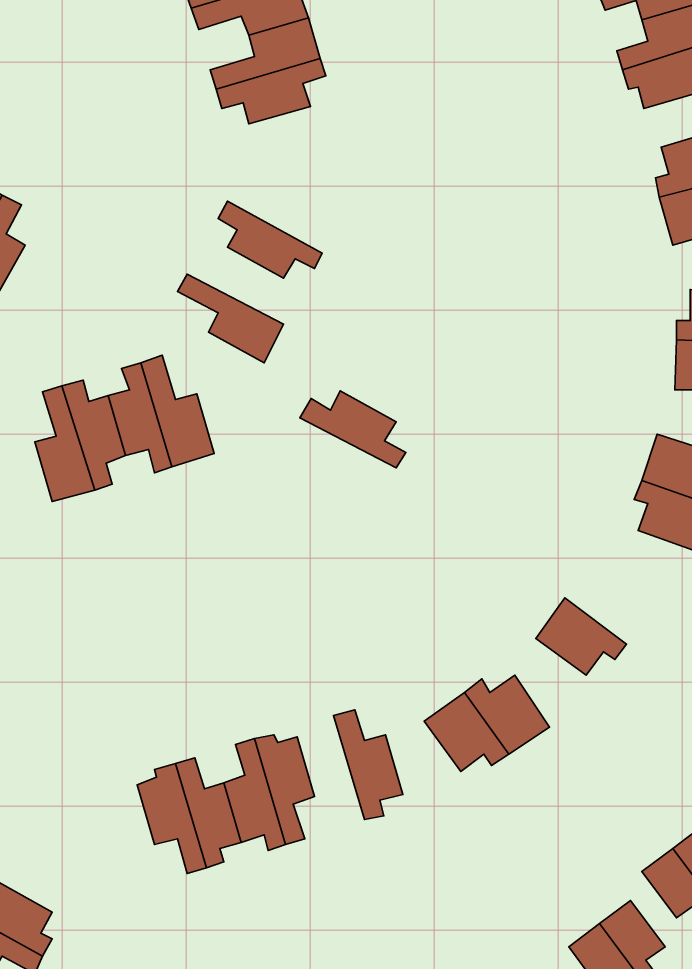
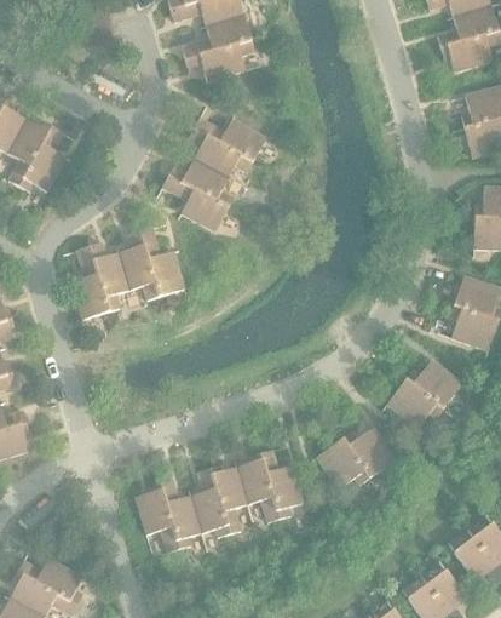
building: none -> [192,118,266,162]
building: [300,391,406,468] -> [167,159,234,207]
building: none -> [404,360,462,408]
building: none -> [236,453,278,522]

